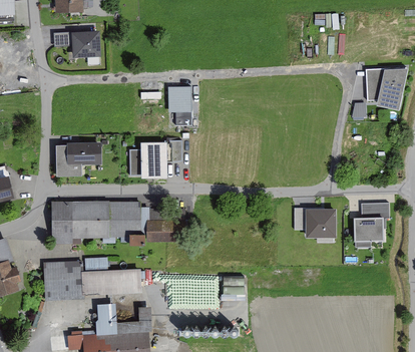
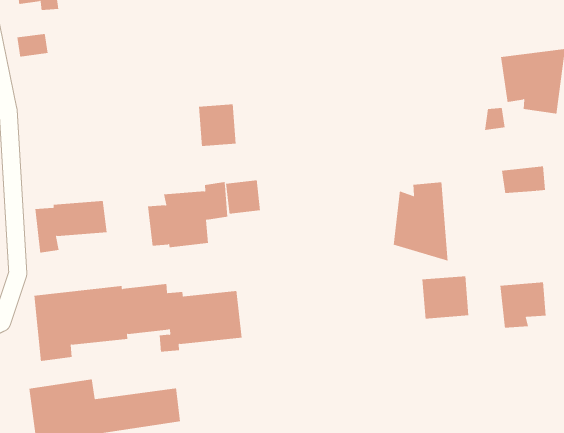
building: [72,30,99,55] -> none
building: none -> [226,180,261,214]
building: none -> [393,181,448,261]
building: [361,202,389,218] -> [501,166,546,194]

